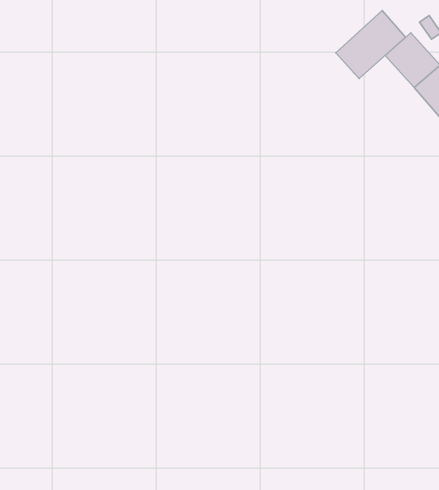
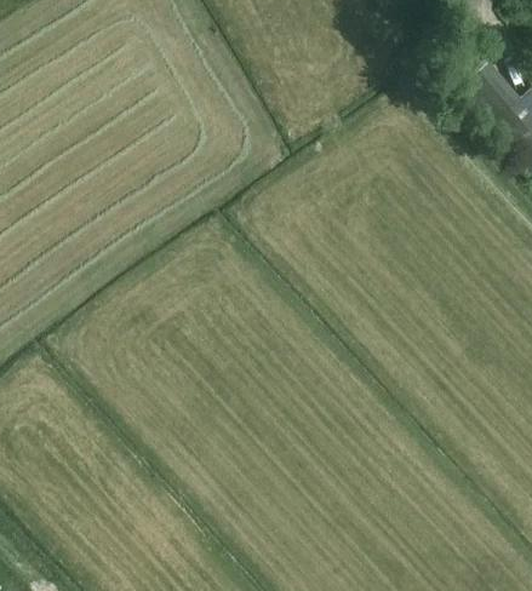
building: [336,11,405,79] -> none

